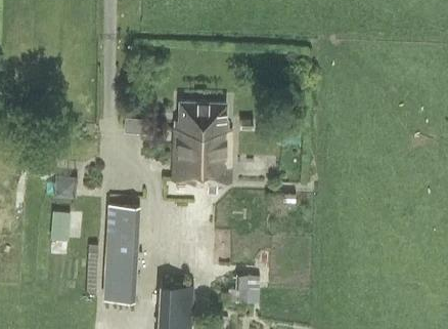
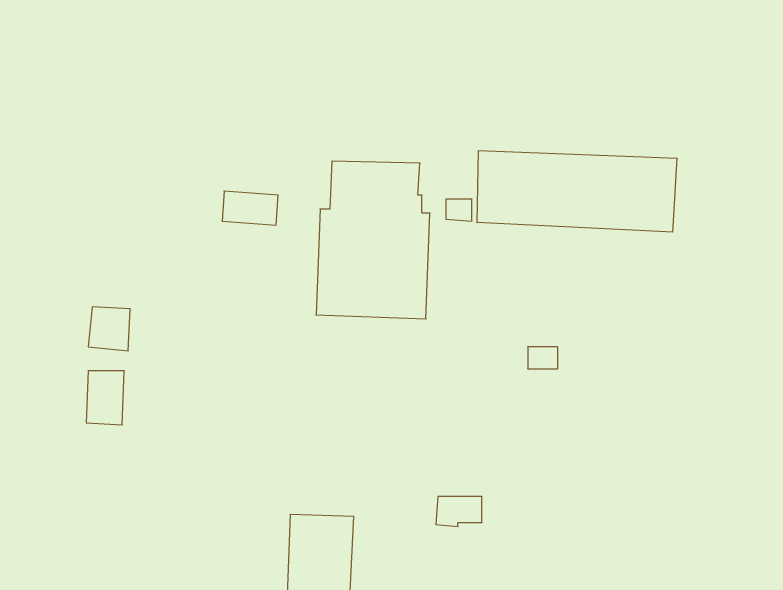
building: none -> [477,151,677,232]
building: [101,206,139,303] -> none

